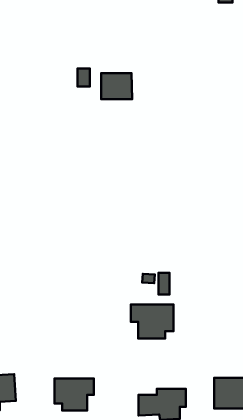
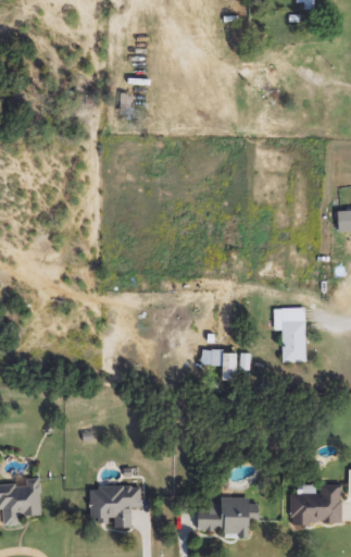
building: [101,73,132,99] -> none
building: none -> [275,308,305,361]
building: [131,305,174,339] -> none

